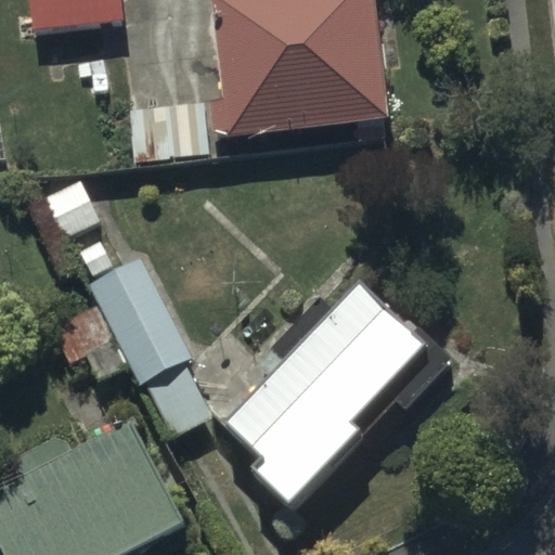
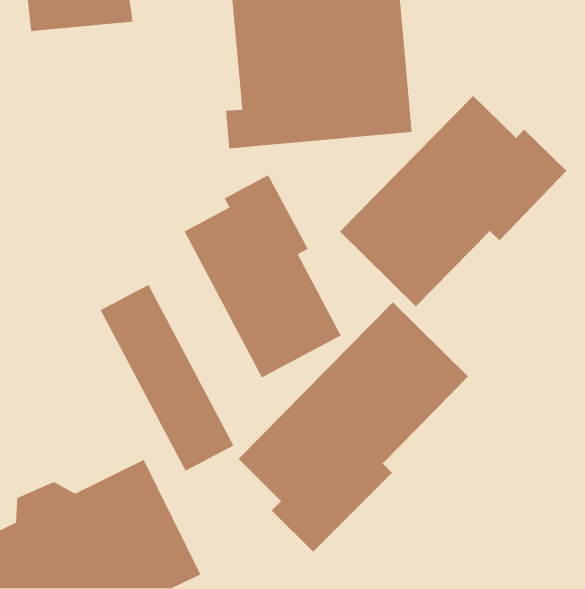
building: none -> [339,95,567,307]
building: none -> [184,174,342,378]

